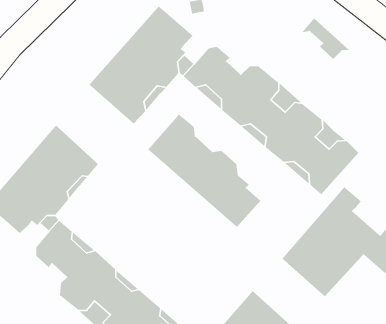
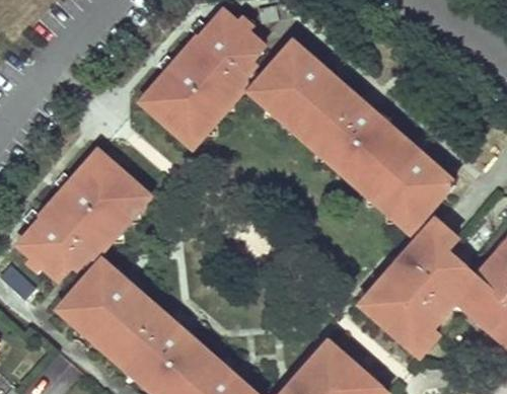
building: [301,17,351,60] -> [277,44,335,92]
building: [147,114,261,228] -> none
building: none -> [61,291,114,346]

